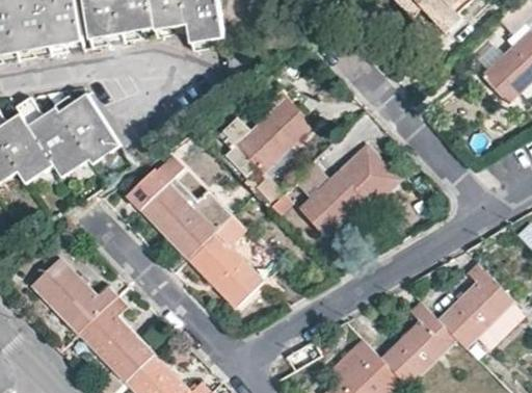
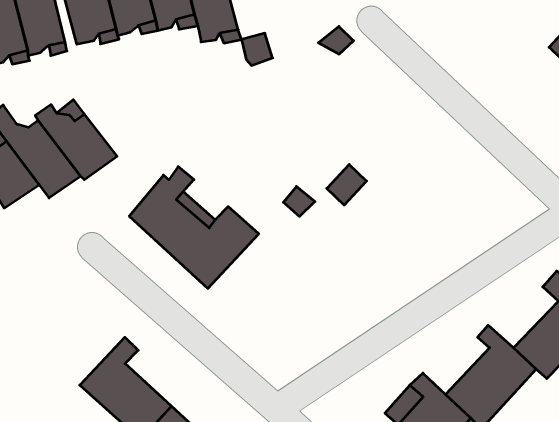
building: [220,86,313,176] -> none
building: [298,145,400,236] -> none
building: [188,215,281,307] -> none
building: [30,258,117,332] -> none

